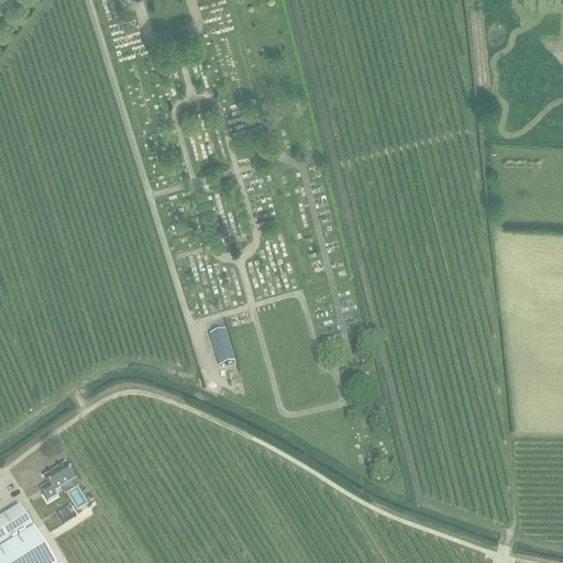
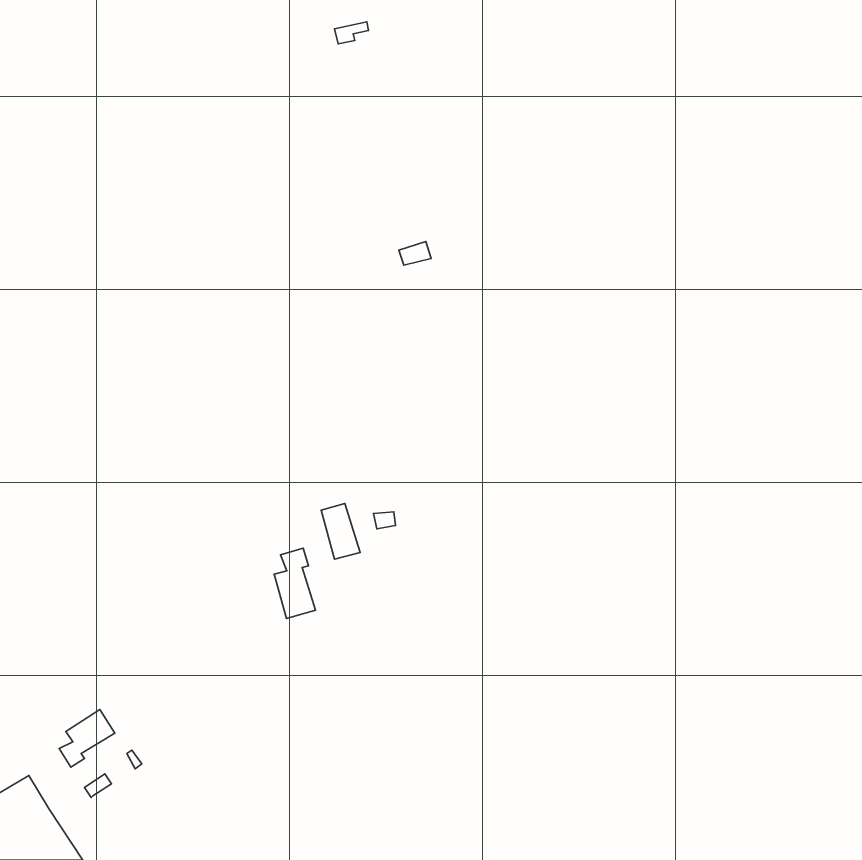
building: none -> [274,548,316,618]

